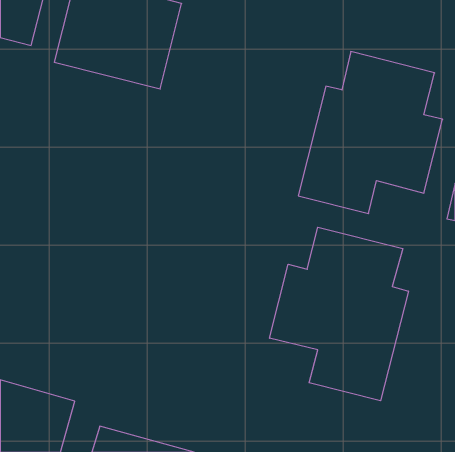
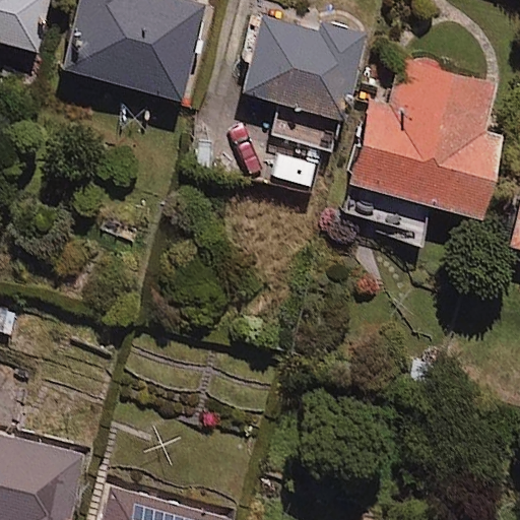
building: none -> [243,16,367,118]
building: [270,227,408,401] -> none

